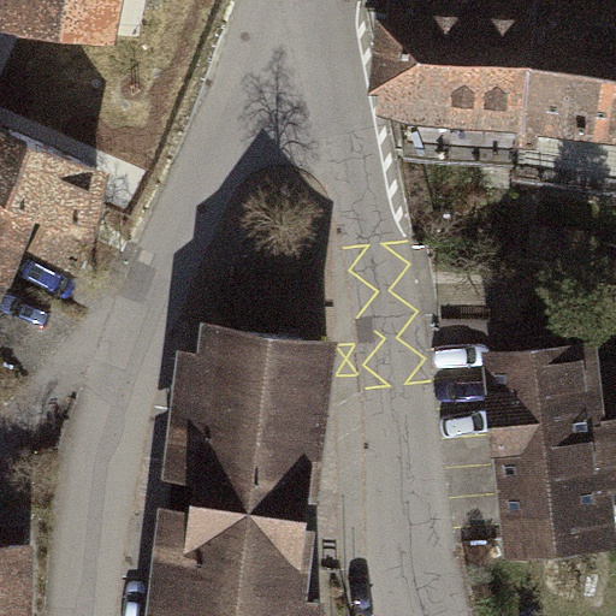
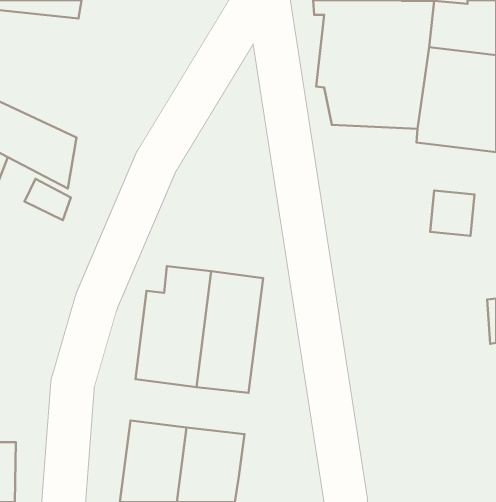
building: [488,346,591,526] -> none
building: [160,464,304,532] -> none

